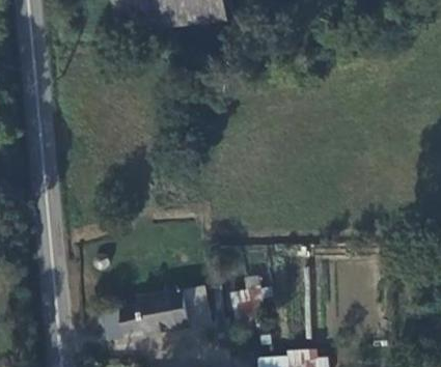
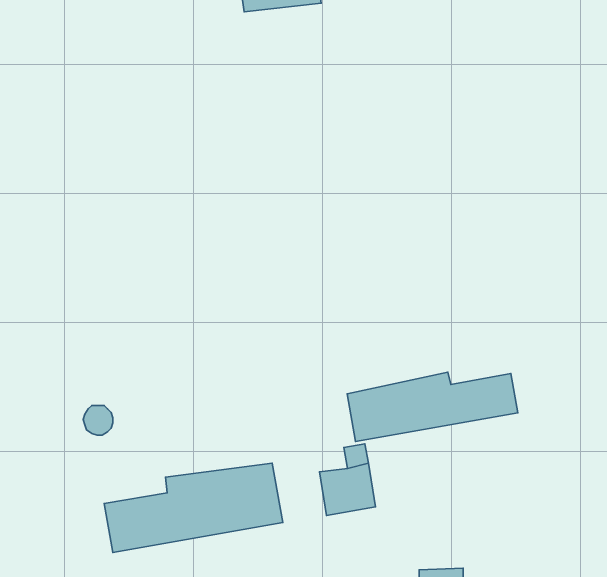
building: none -> [347,372,518,442]

